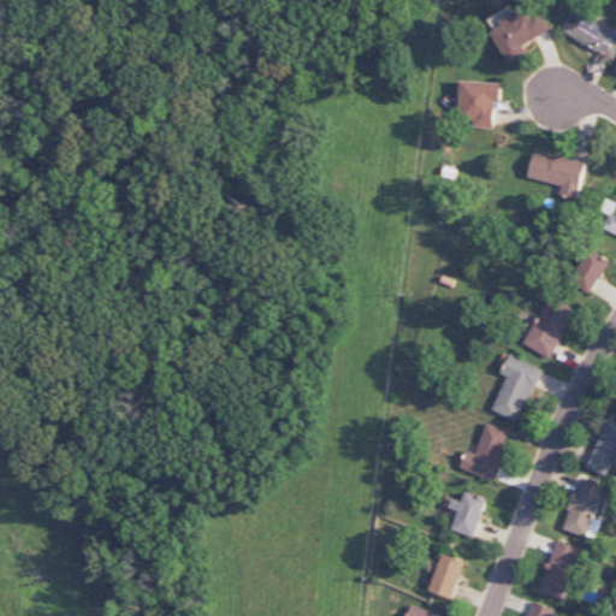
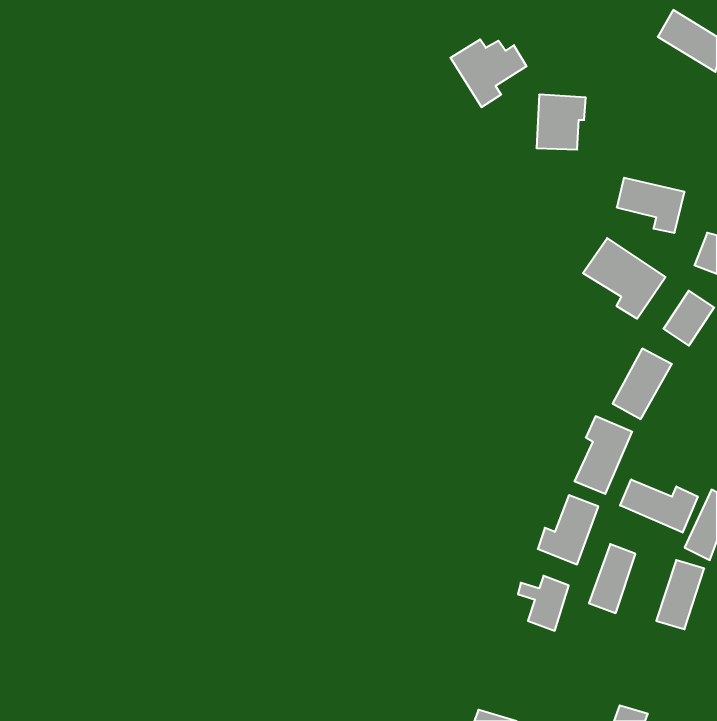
building: [482,6,547,64] -> [450,39,527,107]
building: none -> [583,238,665,319]
building: none -> [620,479,698,533]
building: [537,540,576,599] -> [589,544,635,613]
building: [427,553,463,599] -> none

